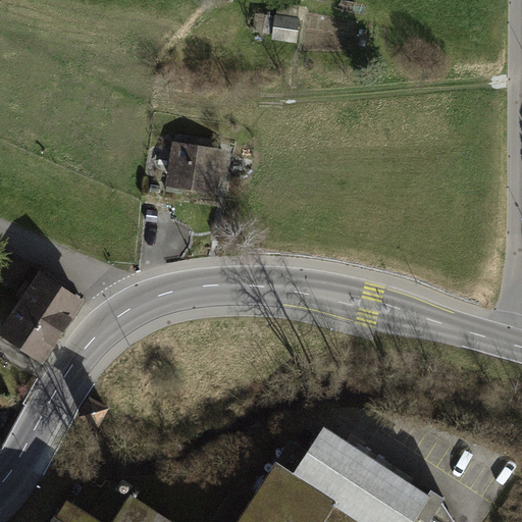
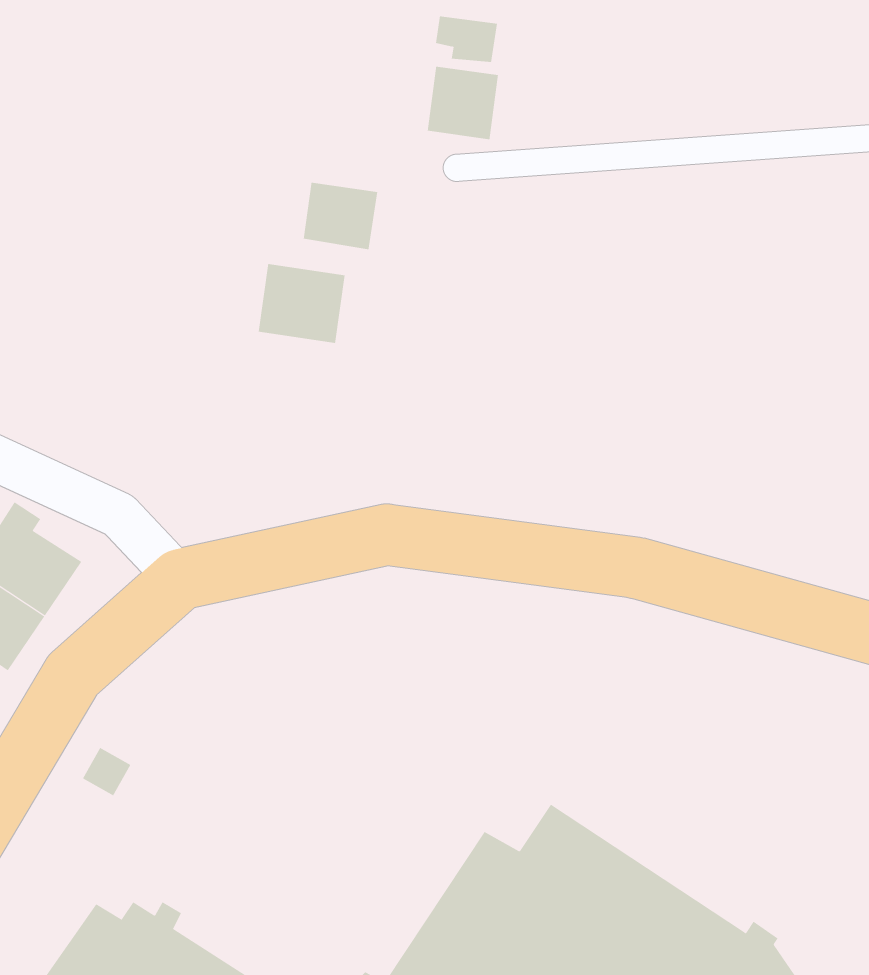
building: none -> [427,66,499,140]
building: none -> [303,182,378,250]

